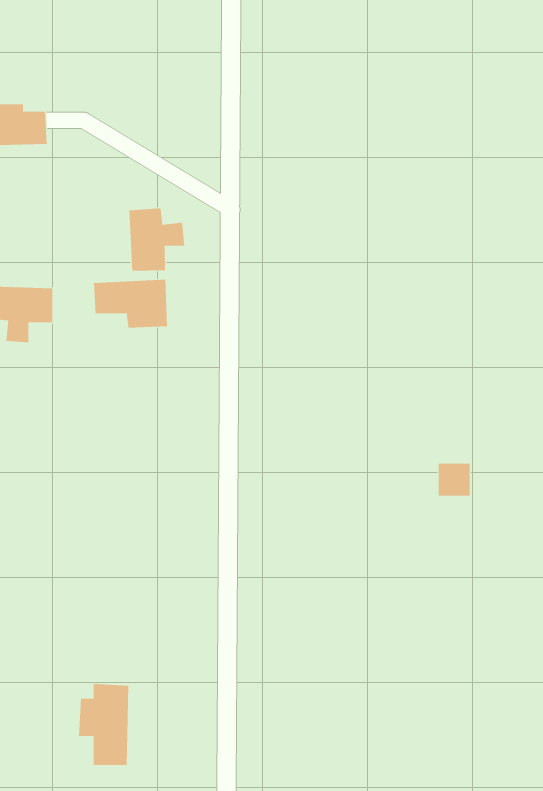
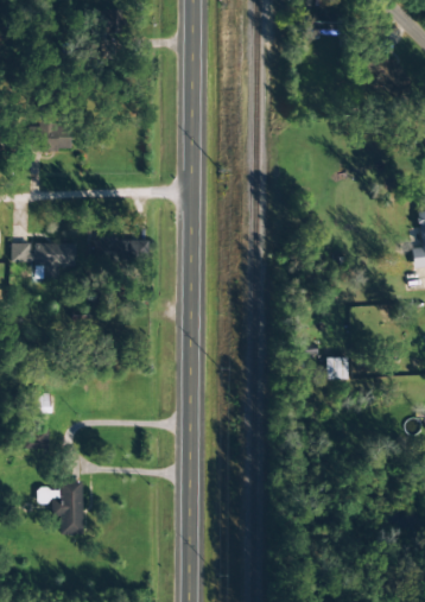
building: [129,207,185,272] -> none
building: [78,684,129,766] -> [50,480,83,533]

